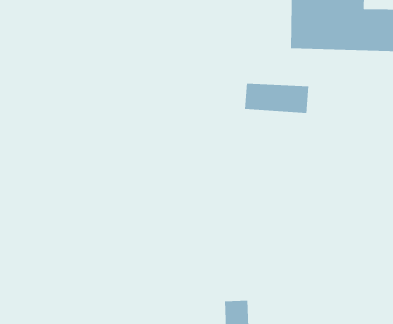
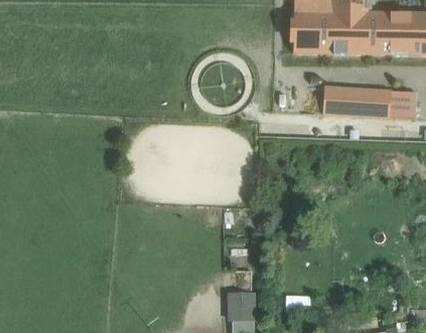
building: [244,83,309,113] -> [325,87,388,116]

